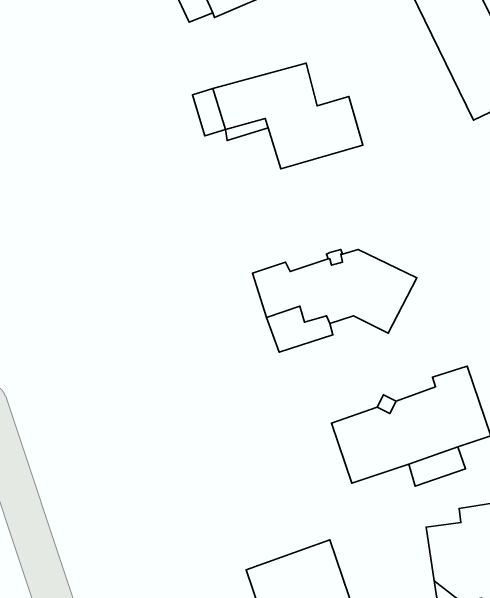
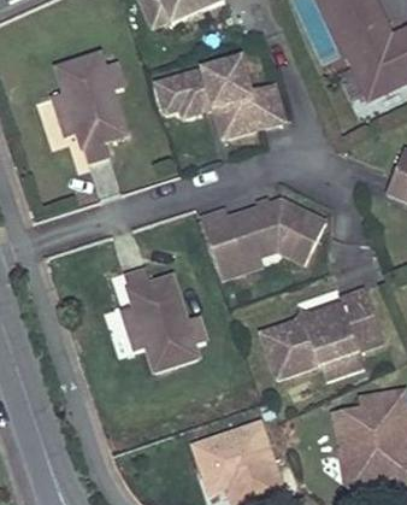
building: none -> [52,53,129,163]
building: none -> [122,270,206,368]

